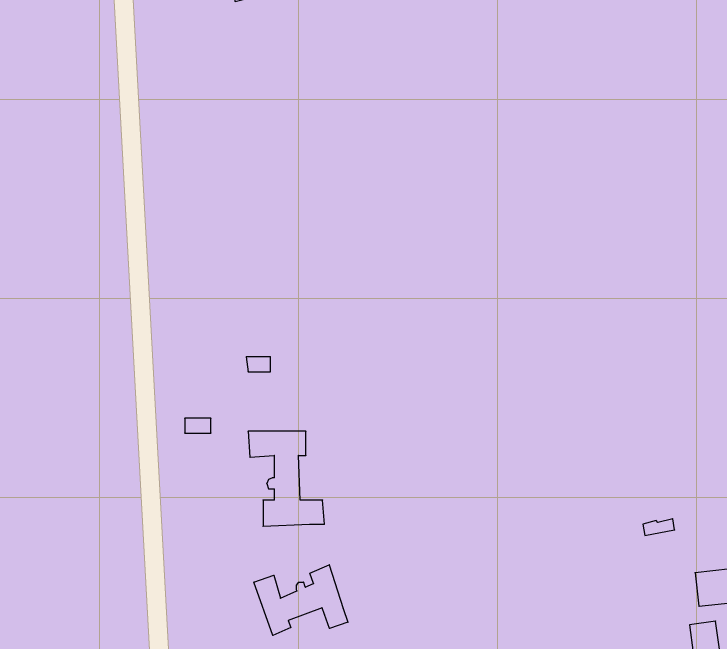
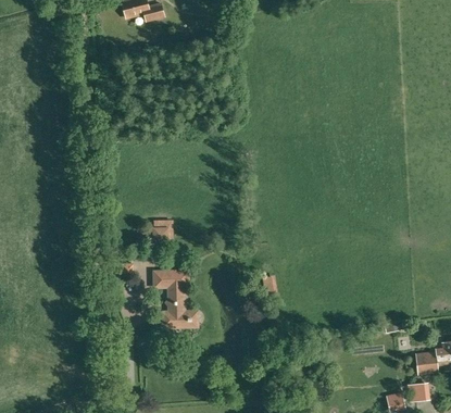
building: [254,565,348,635] -> none

